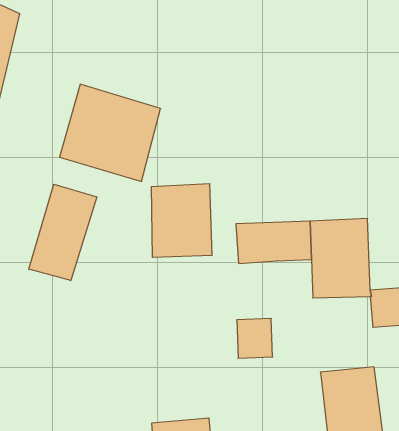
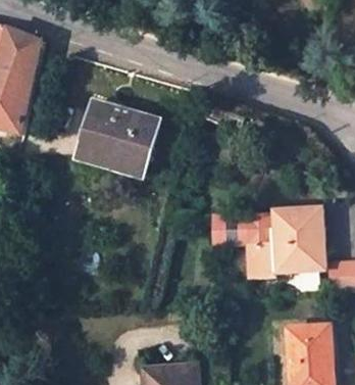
building: [151,184,212,257] -> none
building: [29,184,97,281] -> none
building: [237,319,273,358] -> [247,238,275,270]

